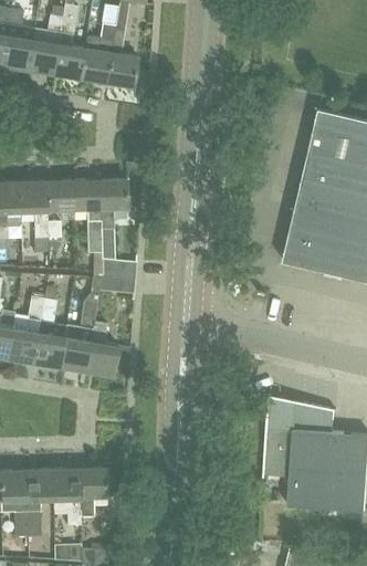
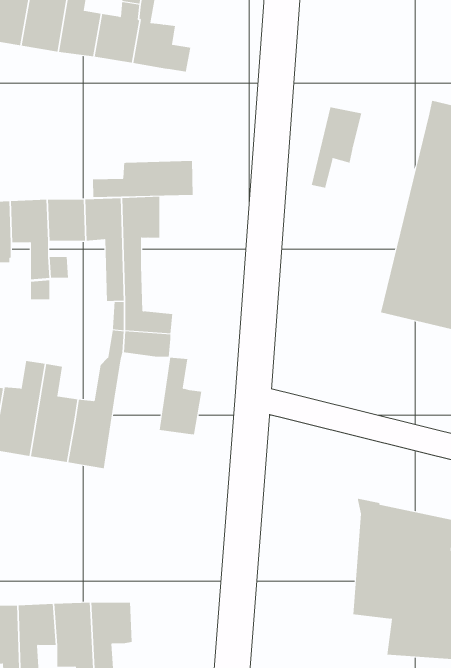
building: none -> [311,106,362,189]
building: none -> [93,160,193,198]
building: [86,322,117,378] -> [159,357,202,436]

